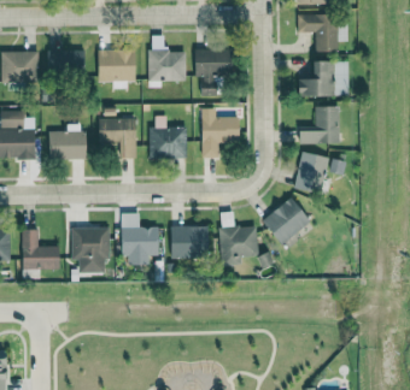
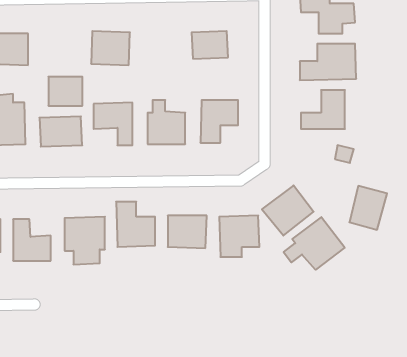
building: [147,49,186,81] -> none
building: [51,51,83,78] -> [48,77,82,106]
building: [294,152,330,194] -> [349,186,387,230]
building: none -> [284,217,345,270]

